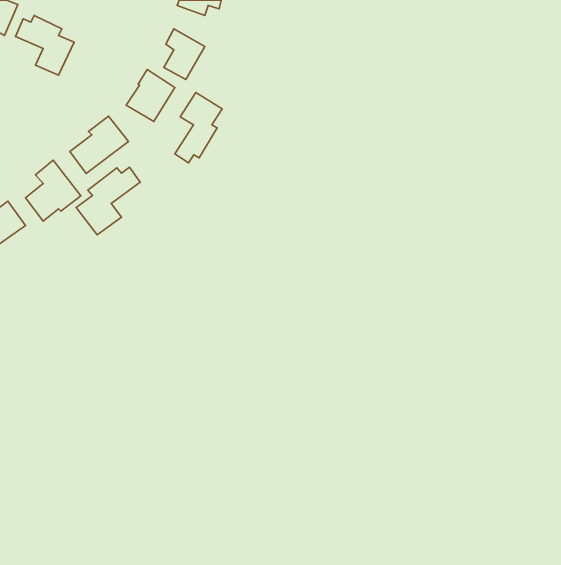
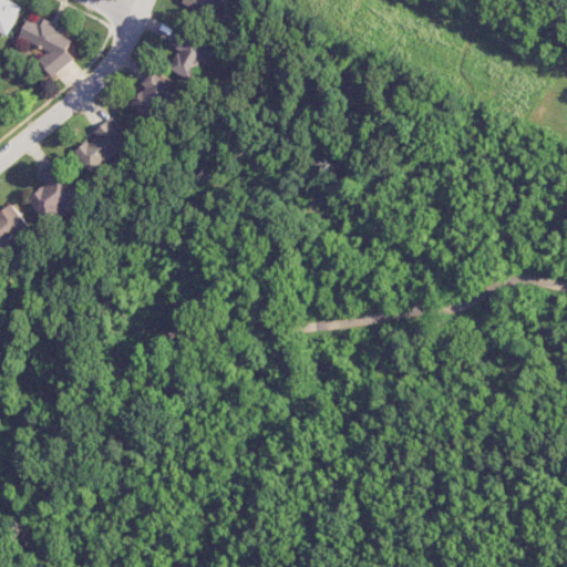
building: [175,93,222,163] -> none
building: [76,167,140,235] -> none

